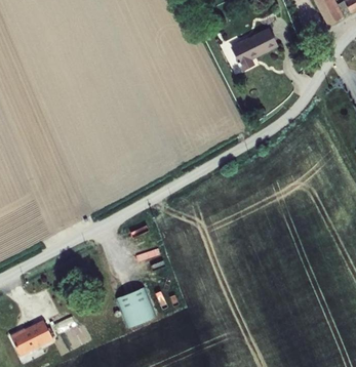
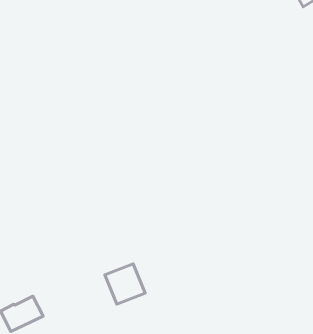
building: [230,26,274,66] -> none

